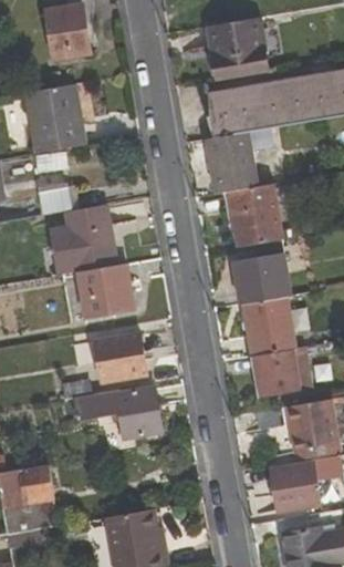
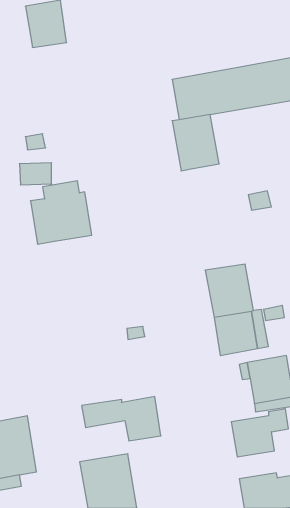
building: [208,18,267,81] -> none
building: [25,83,83,153] -> none
building: [227,184,282,247] -> none
building: [232,254,290,305] -> none
building: [76,262,135,318] -> none
building: [95,334,145,381] -> none
building: [72,388,159,436] -> [82,397,161,441]

